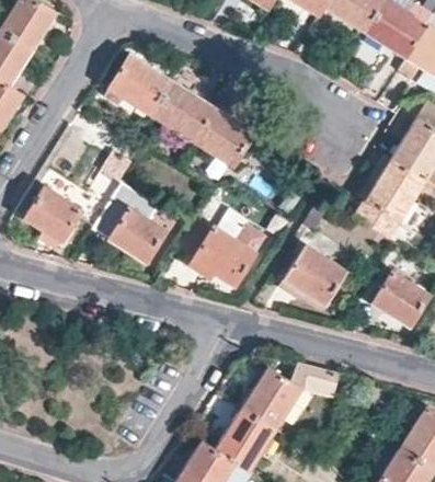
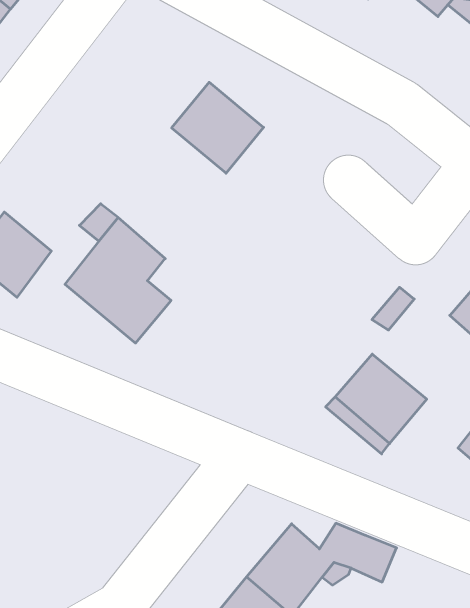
building: [105,55,172,115] -> none
building: [192,106,254,167] -> none
building: [194,208,266,286] -> none

